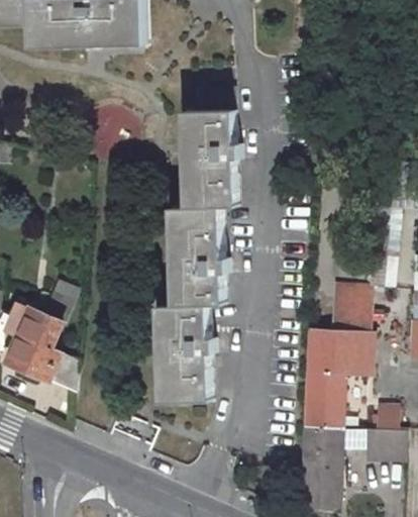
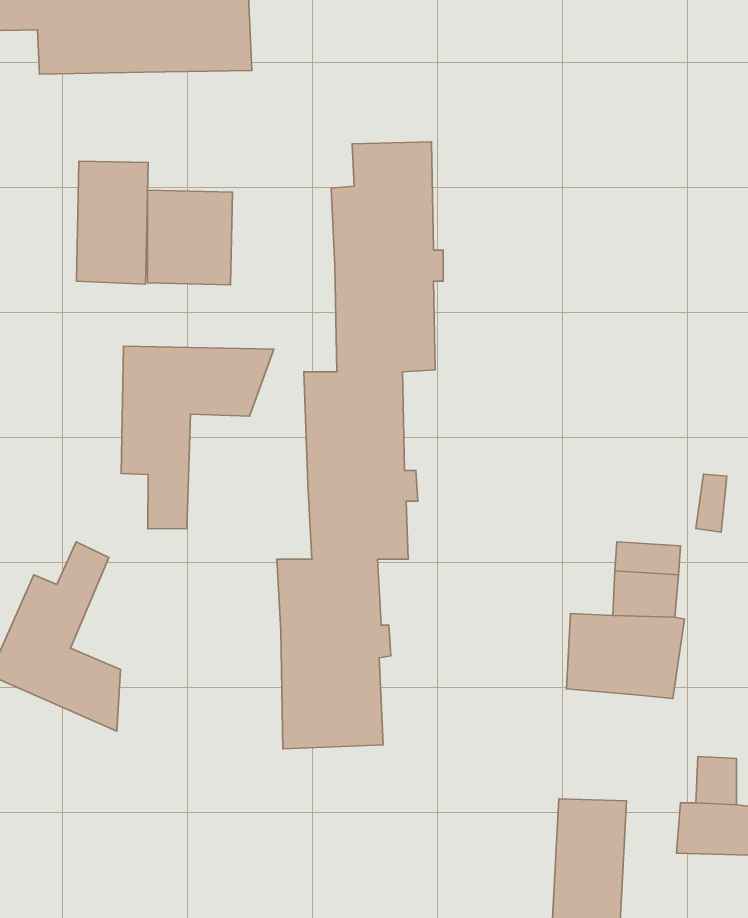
building: none -> [76,161,148,284]
building: none -> [121,346,274,529]
building: [303,369,341,427] -> none

